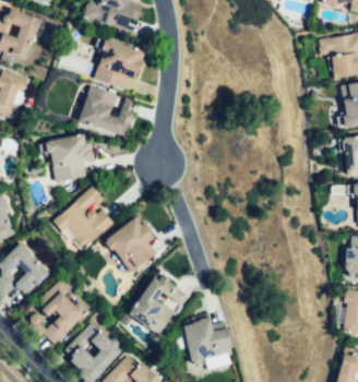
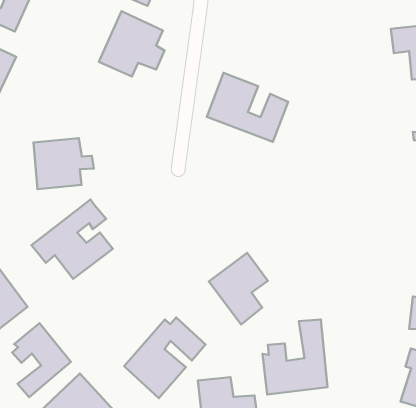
building: [80,86,142,138] -> [207,73,288,142]
building: [108,216,154,272] -> [209,253,268,324]
building: none -> [263,319,327,395]

